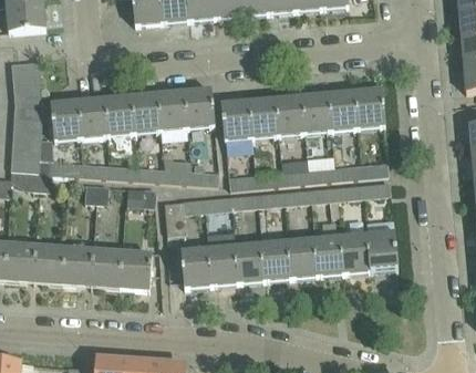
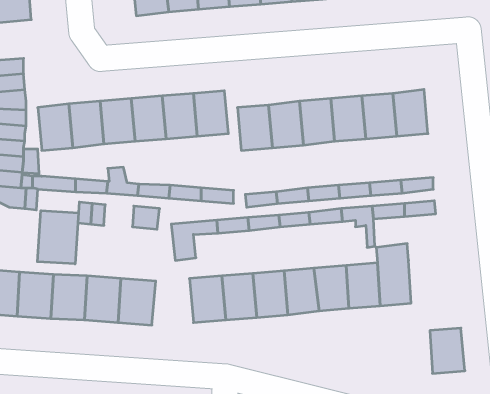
building: none -> [37,211,79,264]
building: [368,231,397,270] -> [430,328,465,373]

